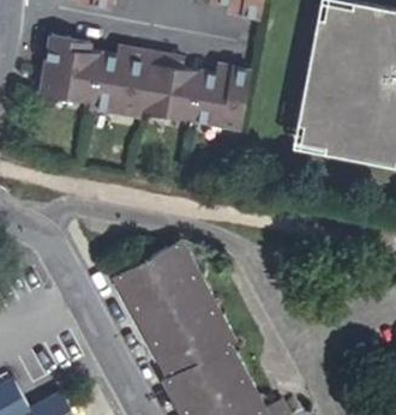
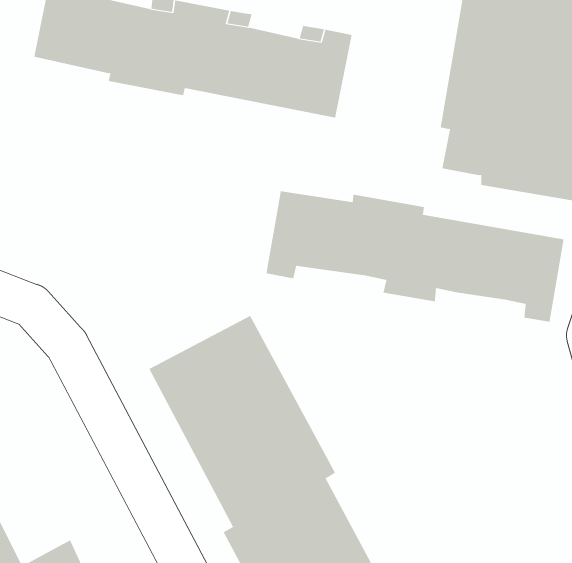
building: none -> [266,190,564,323]

